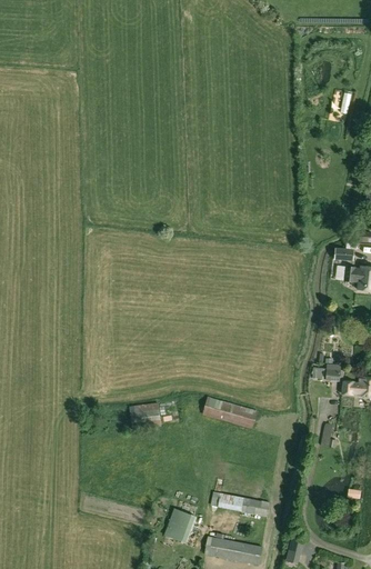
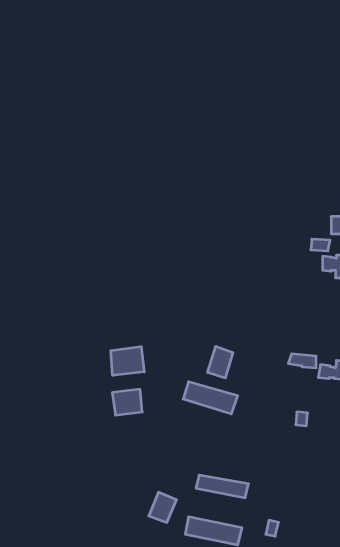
building: none -> [208,346,233,378]
building: none -> [111,347,144,375]

